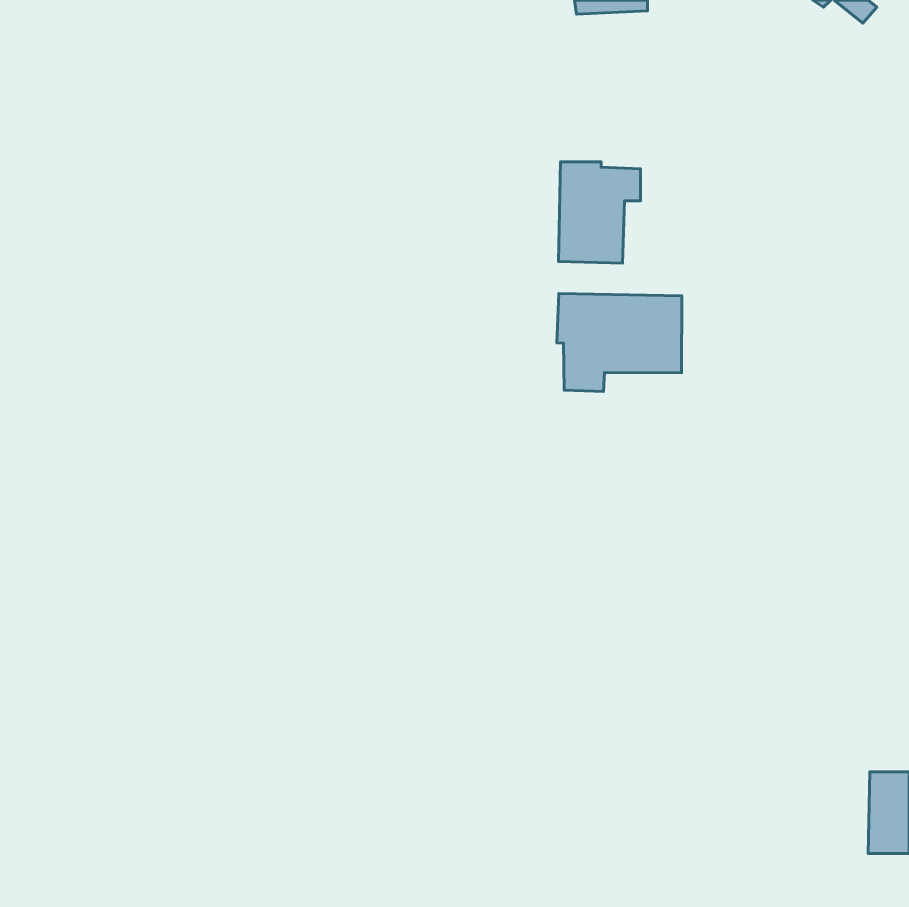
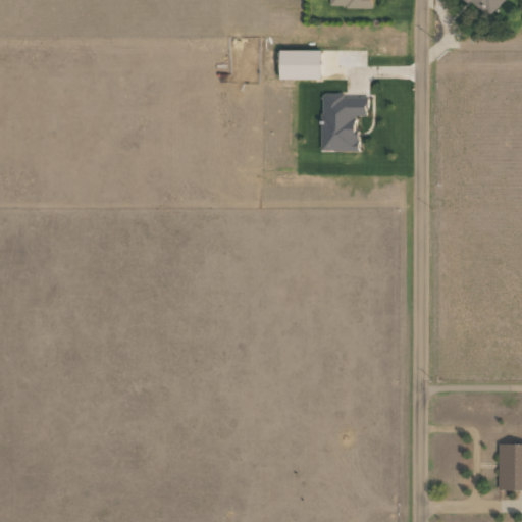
building: none -> [279,49,321,80]
building: [557,294,682,392] -> none

